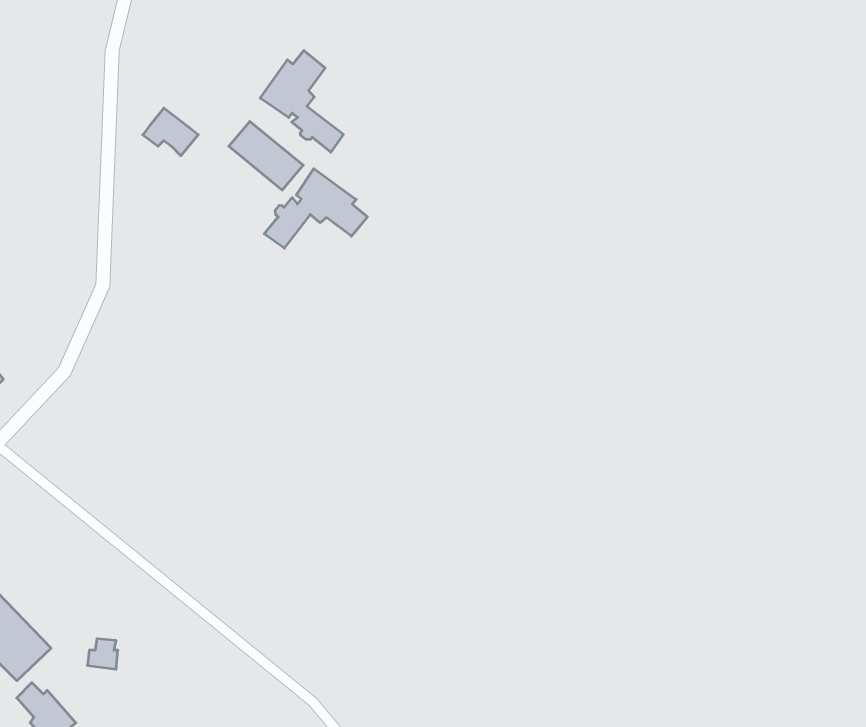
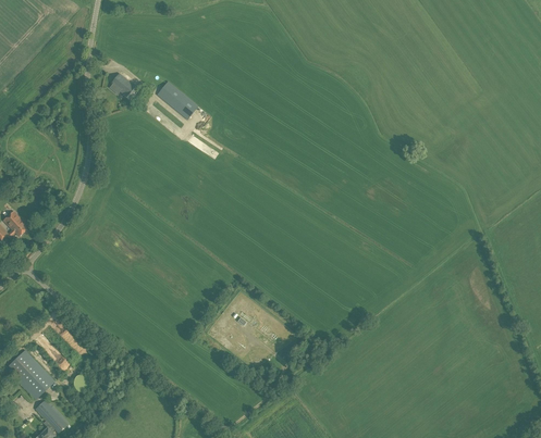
building: [260,50,343,152] -> none
building: [264,169,367,248] -> none

